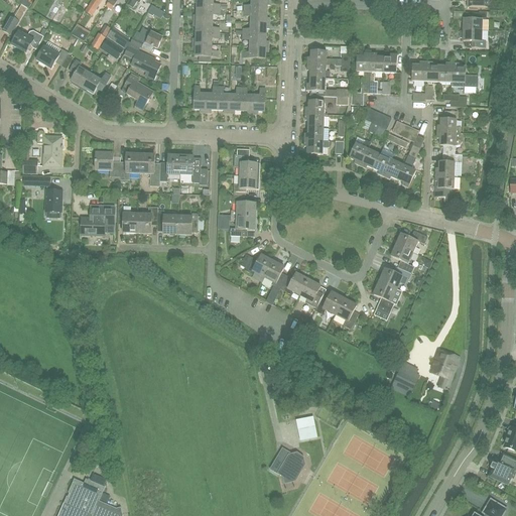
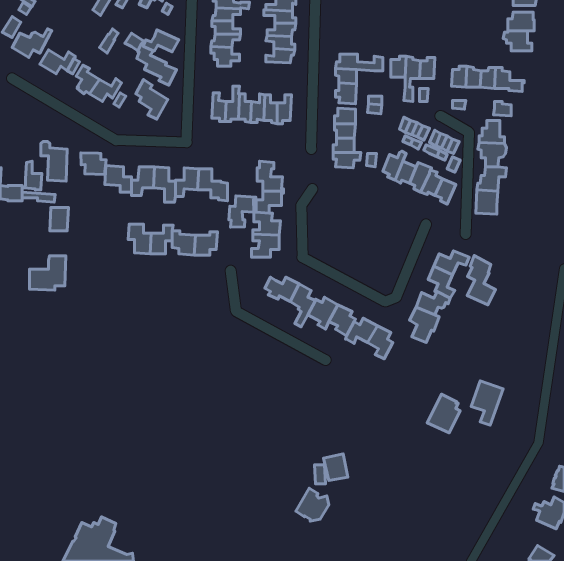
building: none -> [81,153,106,174]
building: none -> [229,196,256,227]
building: [82,204,115,235] -> [30,256,66,290]
building: none -> [467,256,495,305]

